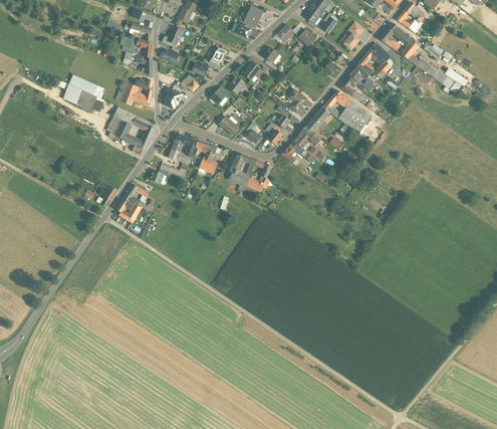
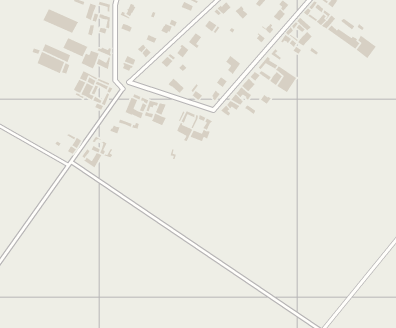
building: none -> [42,8,80,34]
building: none -> [62,37,89,58]

